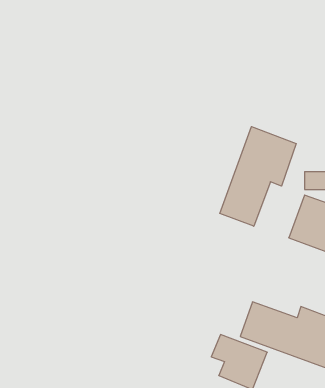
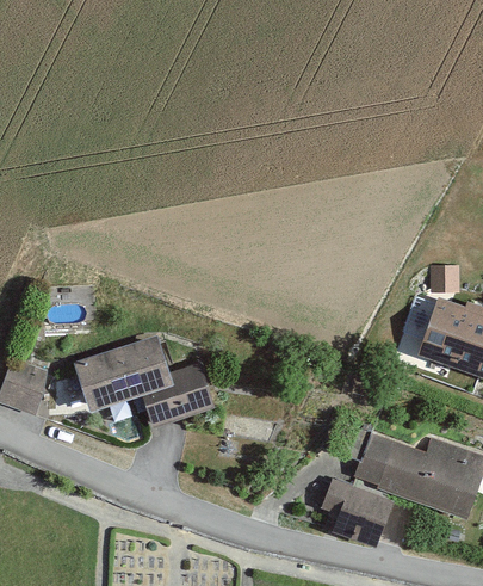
building: [220,127,296,226] -> none
building: none -> [70,333,212,424]

